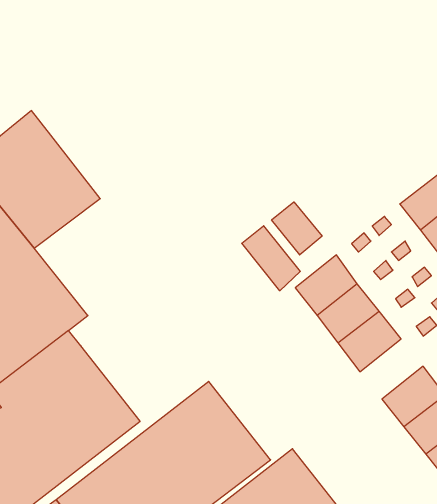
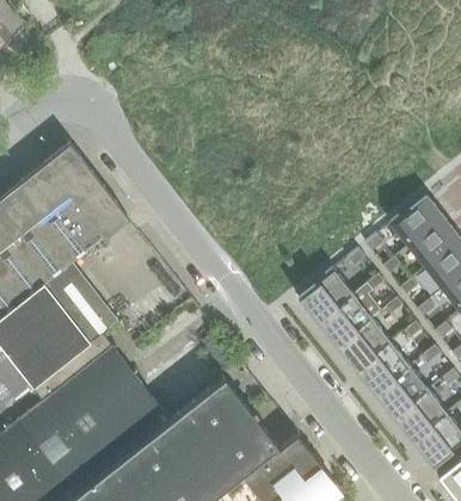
building: [272,202,322,255] -> none
building: [242,226,300,291] -> none
building: none -> [355,341,410,394]

